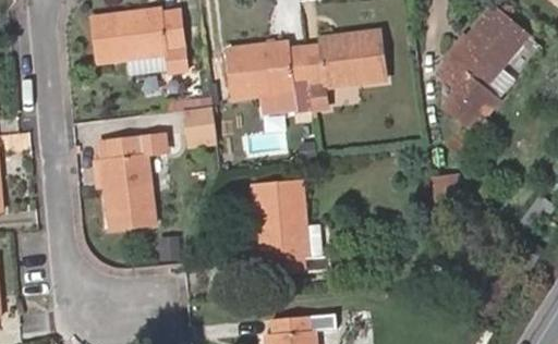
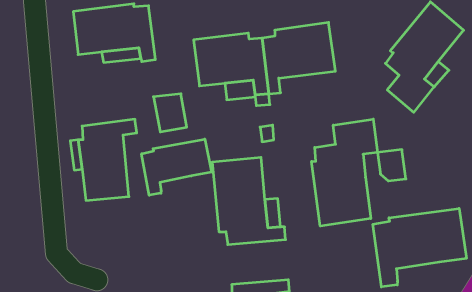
building: none -> [312,119,378,226]
building: none -> [142,139,211,195]
building: none -> [373,208,466,287]

